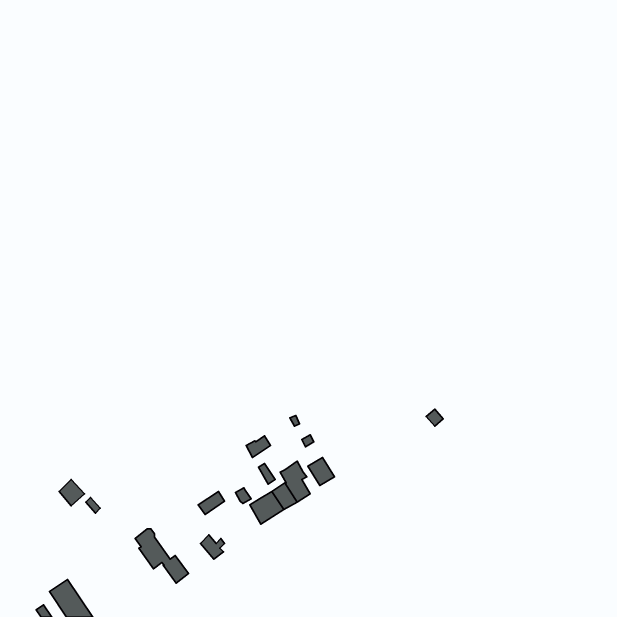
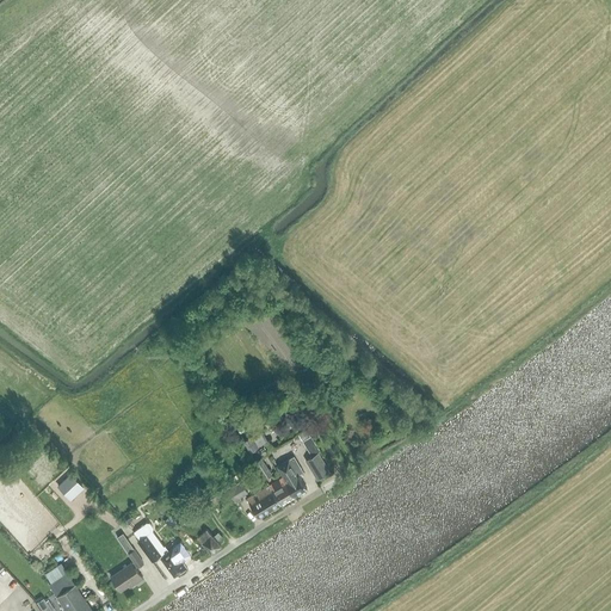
building: none -> [111,539,143,591]

